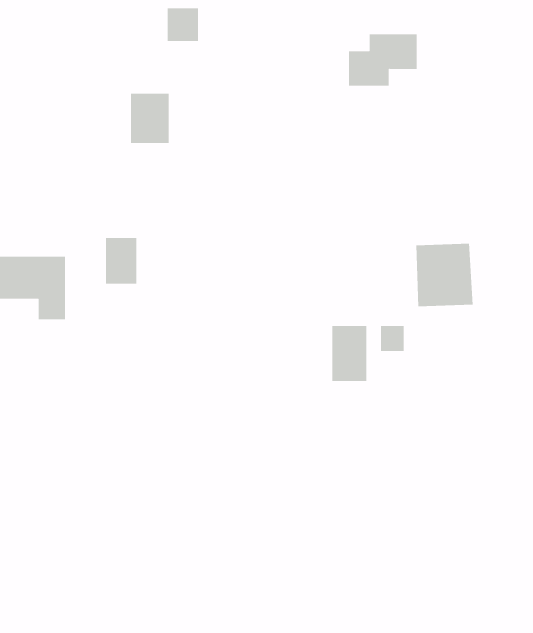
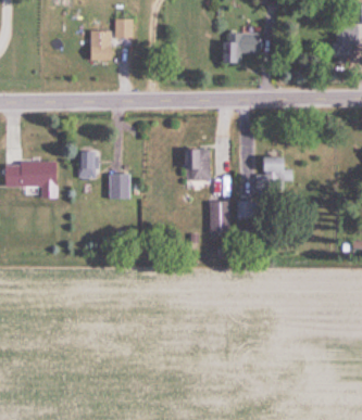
building: [130,93,170,144] -> [89,30,112,60]
building: none -> [185,149,211,180]
building: none -> [109,174,128,199]

